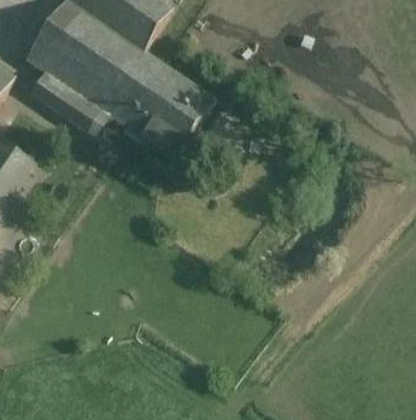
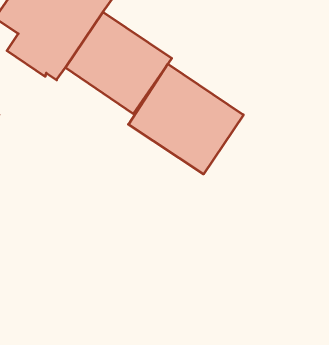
building: none -> [128,64,243,174]

